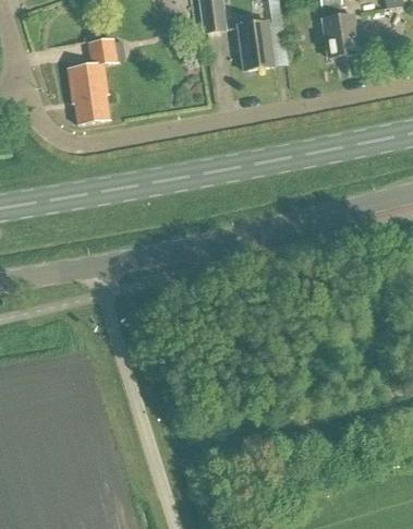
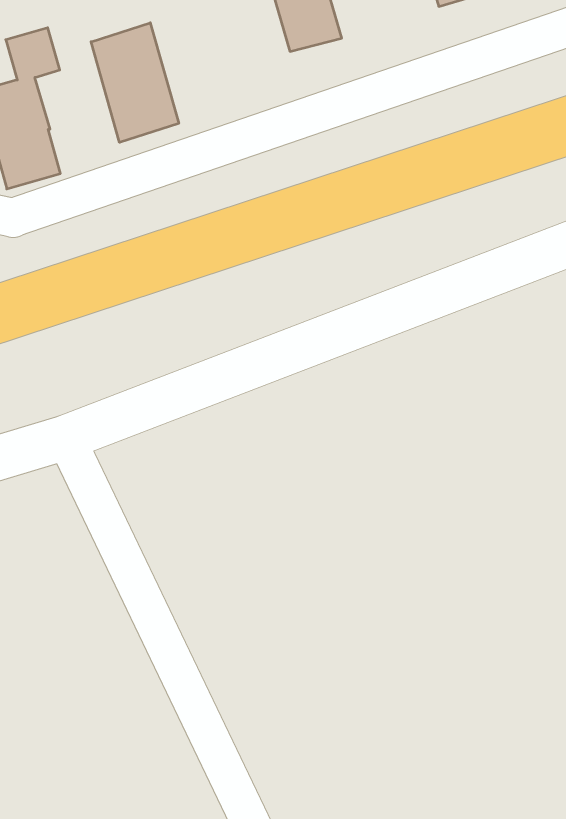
building: none -> [91,23,179,142]

